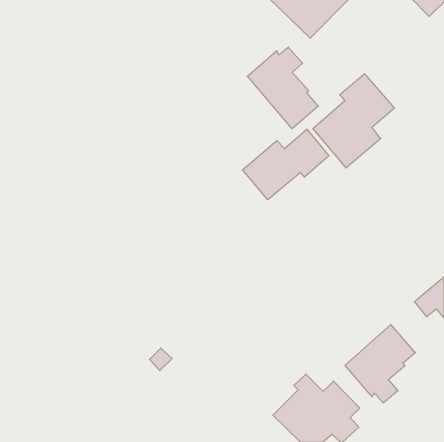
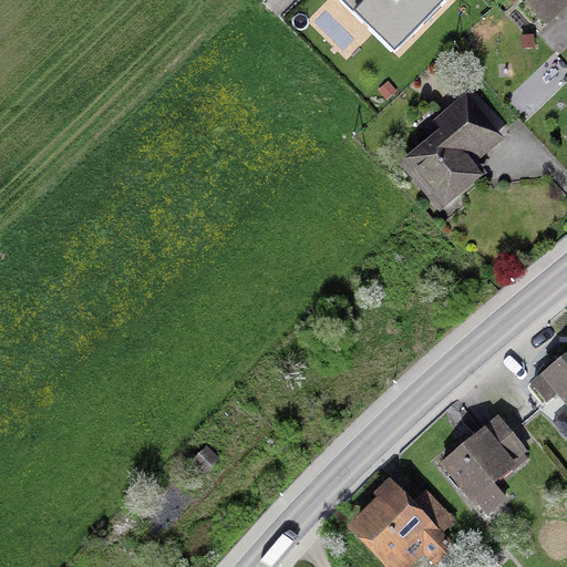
building: [247,47,318,129] -> none
building: [242,129,329,200] -> none

